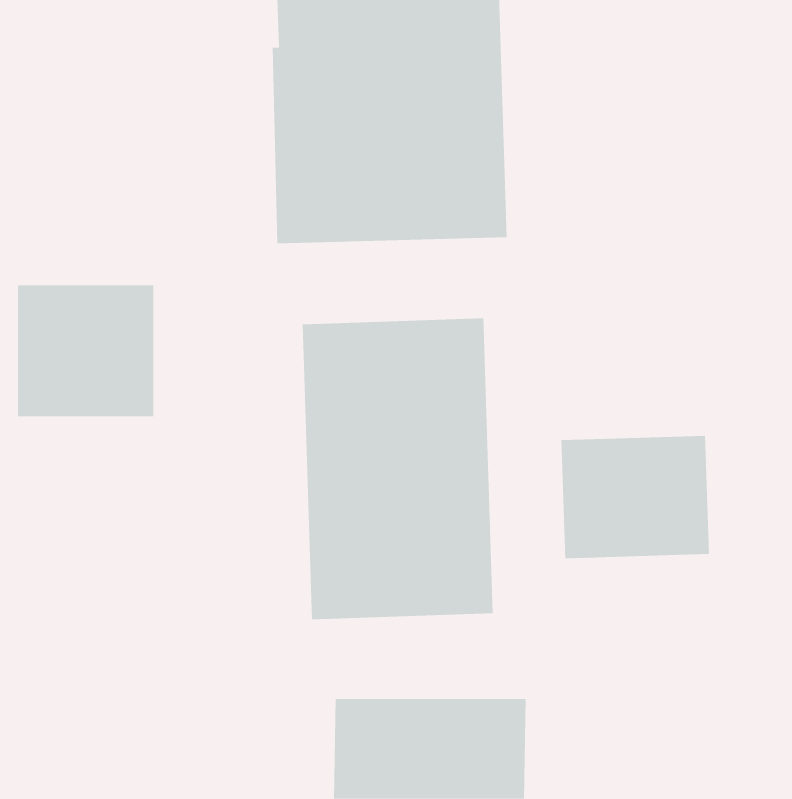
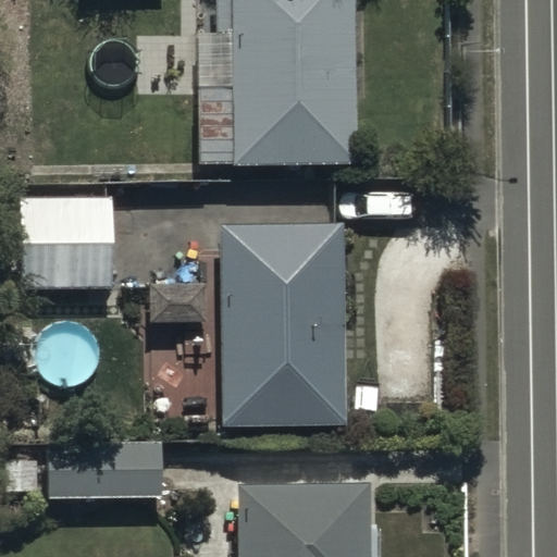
building: [561,435,709,559] -> none
building: none -> [48,440,166,499]

